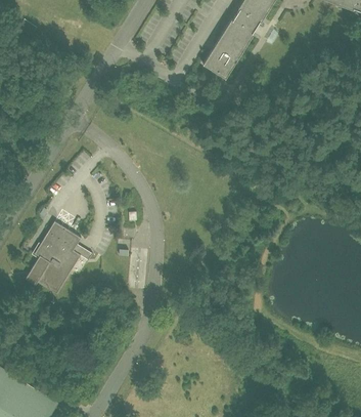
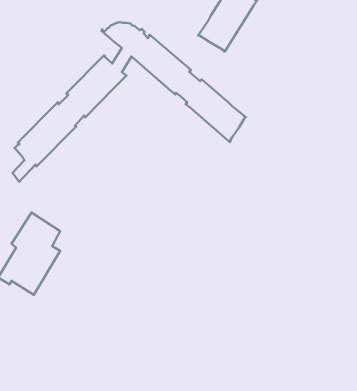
building: none -> [13,22,246,182]

